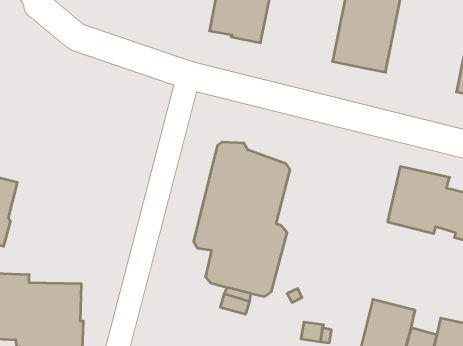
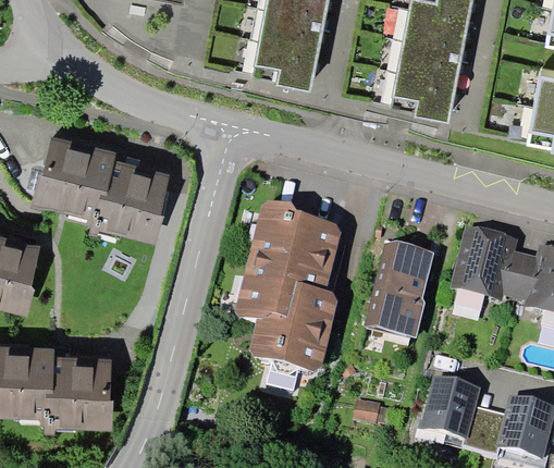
building: none -> [29,133,169,242]
building: none -> [364,239,433,336]

